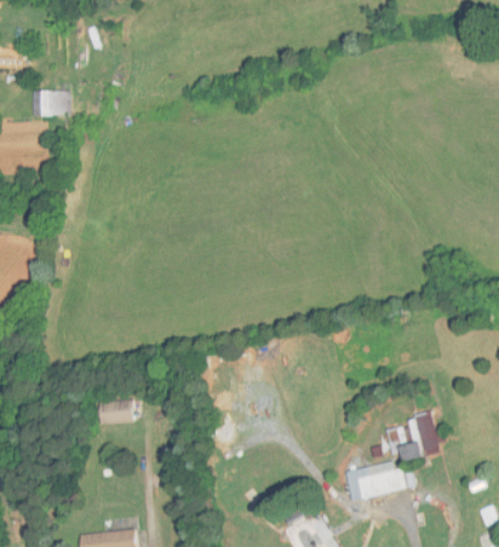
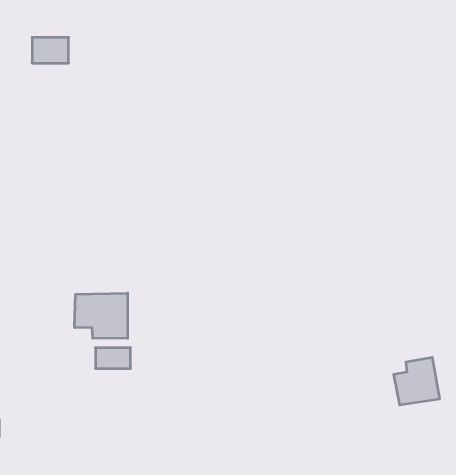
building: none -> [75,293,128,338]
building: [344,460,398,500] -> none

